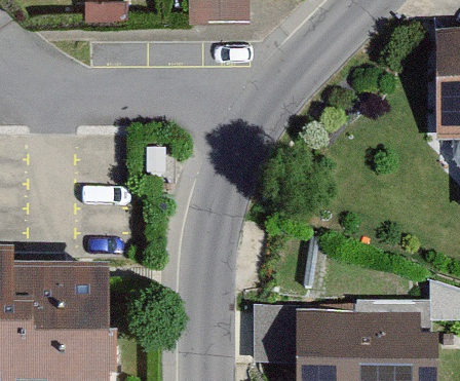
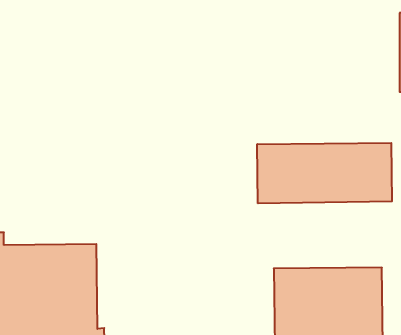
building: none -> [257,143,392,203]

